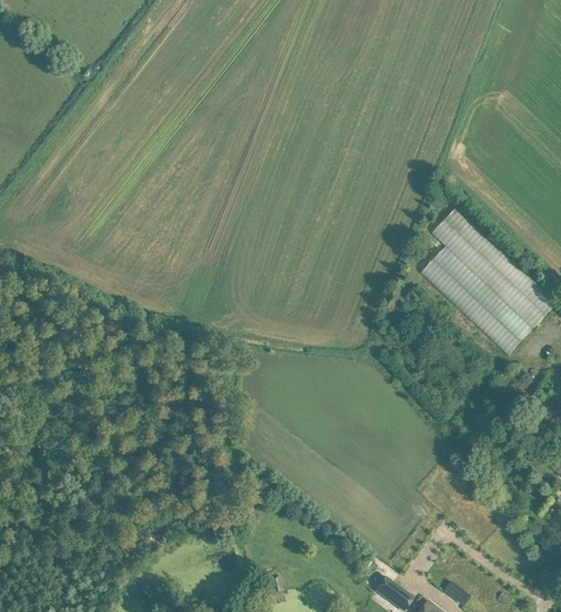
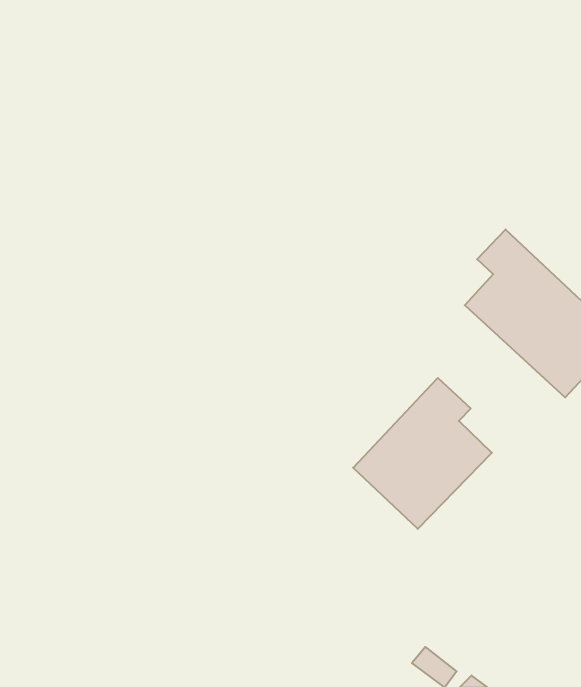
building: none -> [353,378,492,529]

